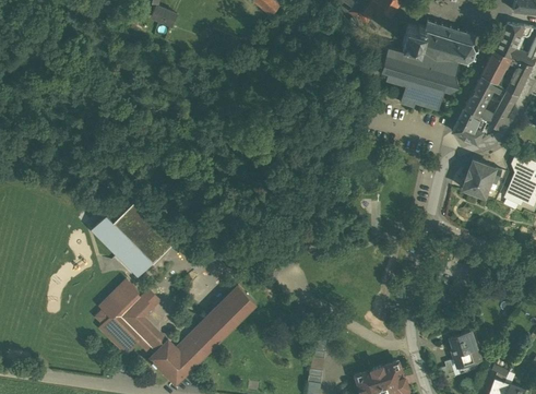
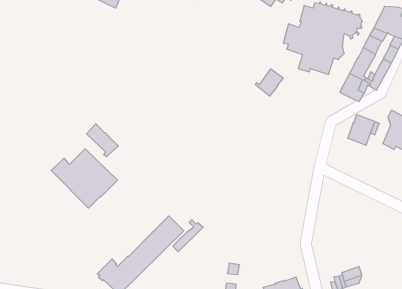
building: none -> [256,69,283,96]
building: none -> [87,124,118,157]
building: [99,278,167,354] -> none
building: none -> [173,220,203,252]
building: [450,331,476,357] -> none

